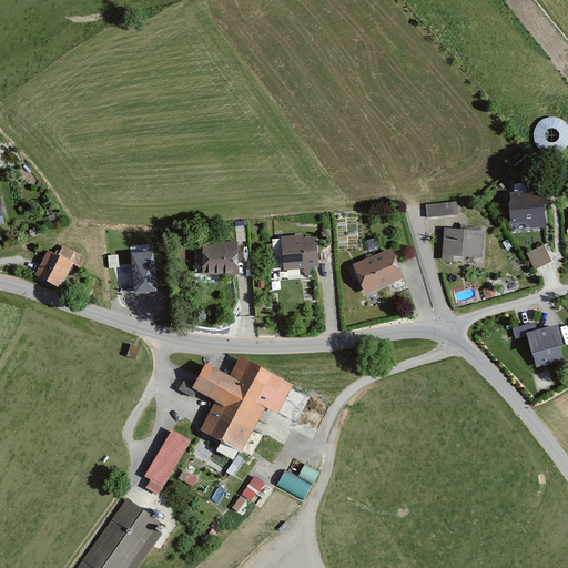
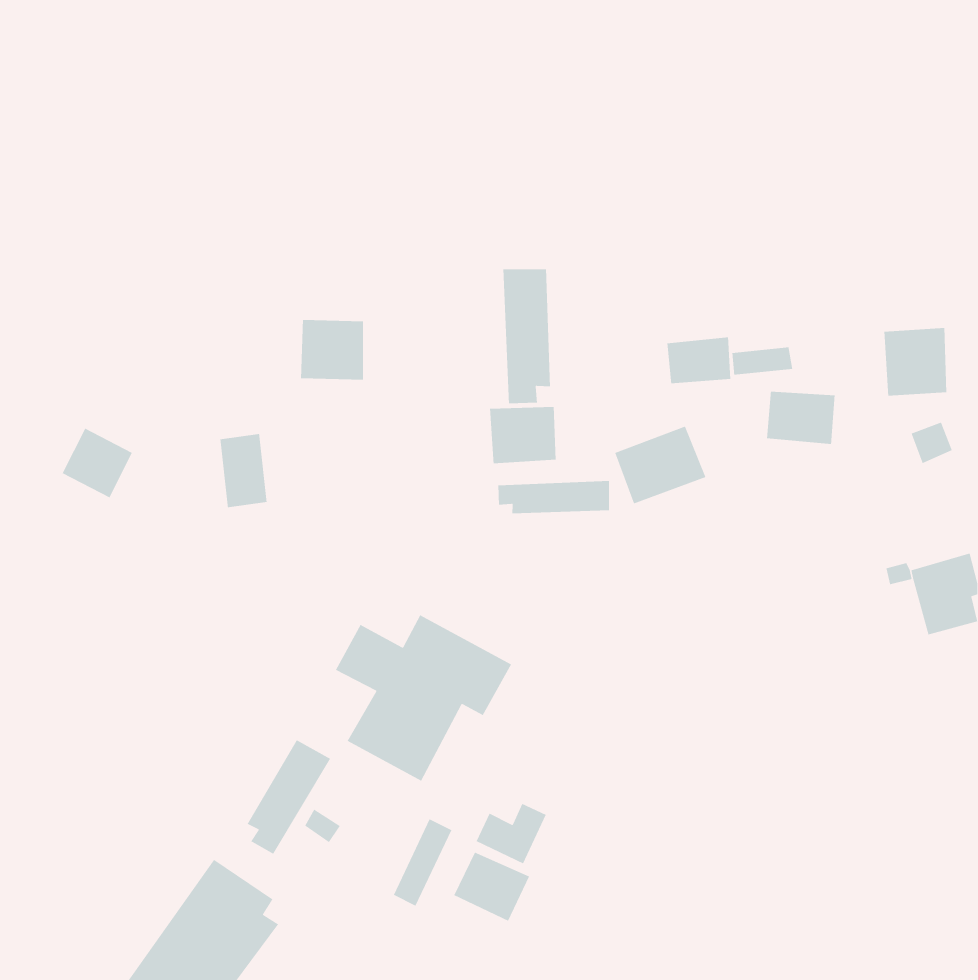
building: none -> [502,268,551,404]
building: none -> [666,336,731,384]
building: [203,241,240,276] -> [300,319,364,381]
building: none -> [497,480,610,514]
building: none -> [453,852,530,922]

